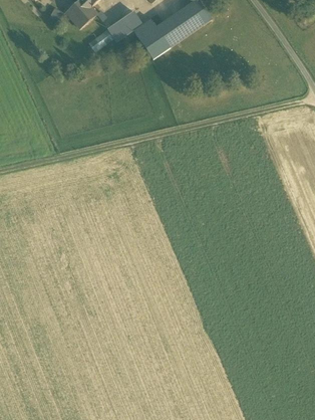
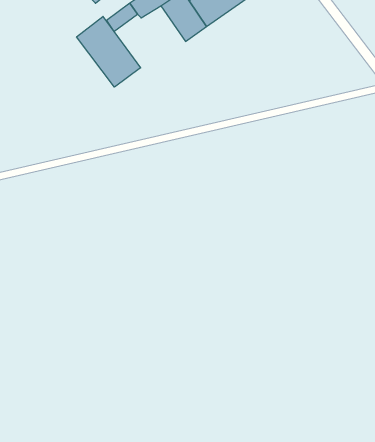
building: none -> [77,16,141,87]

